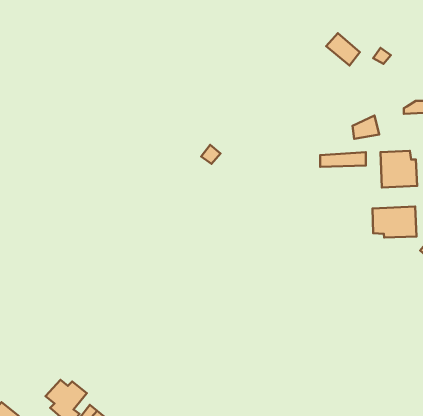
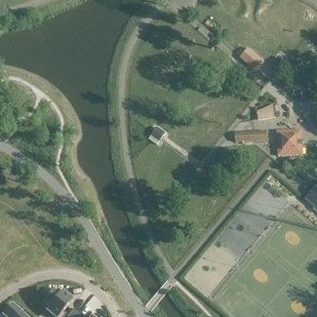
building: [372,207,416,237] -> none

